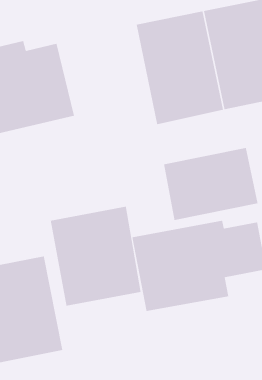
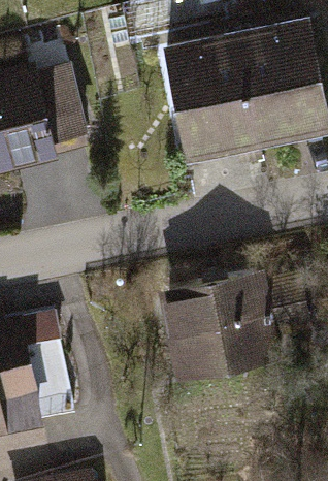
building: [164,147,258,221] -> none
building: [50,206,141,306] -> none

